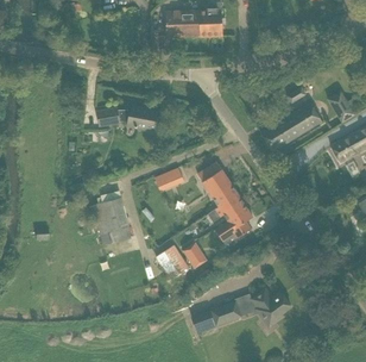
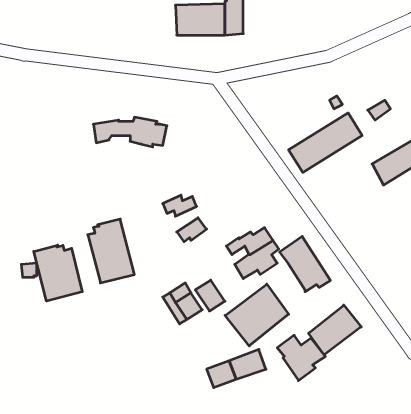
building: [198,162,241,208] -> [280,236,330,292]
building: none -> [34,245,82,301]
building: none -> [225,284,289,346]
building: none -> [309,305,361,355]

